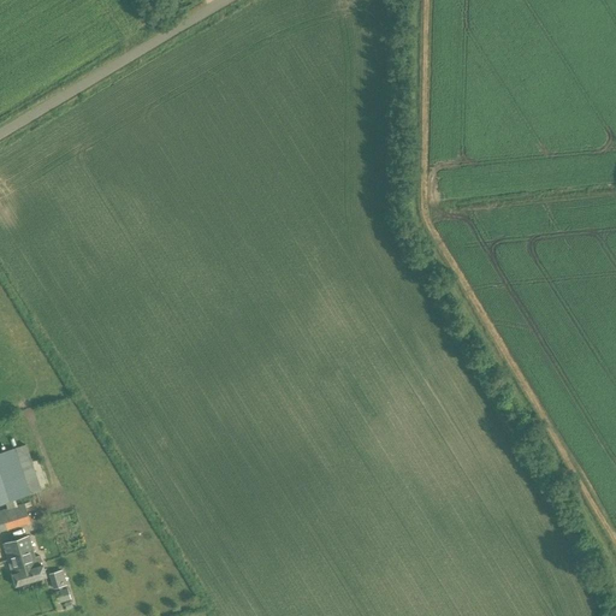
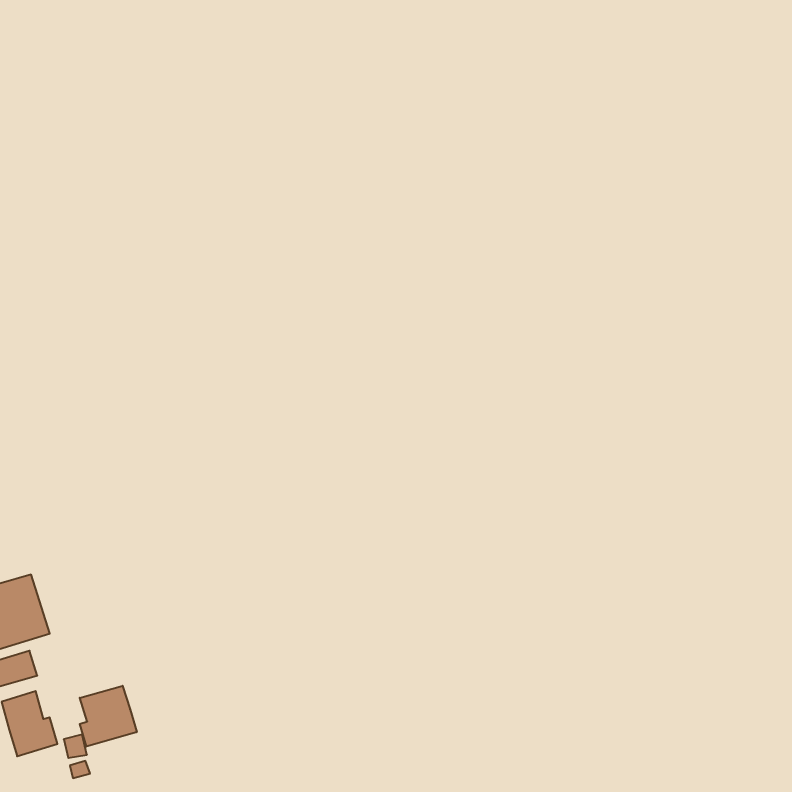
building: none -> [80,686,137,747]

